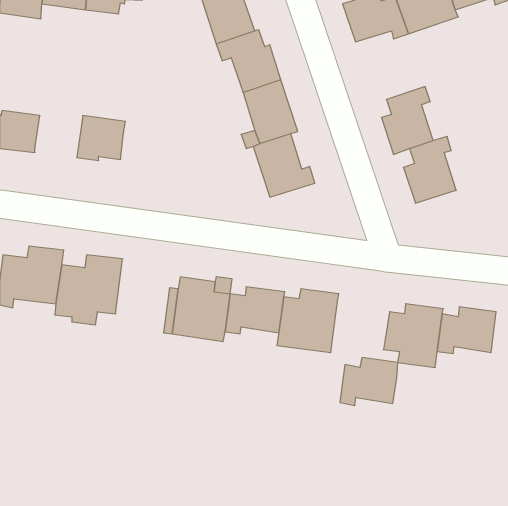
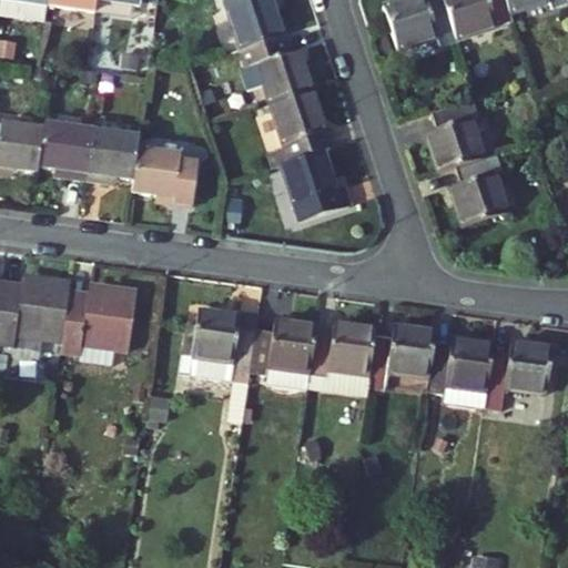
building: none -> [39,123,92,175]
building: none -> [132,148,199,203]
building: [340,358,398,405] -> [371,325,435,378]

